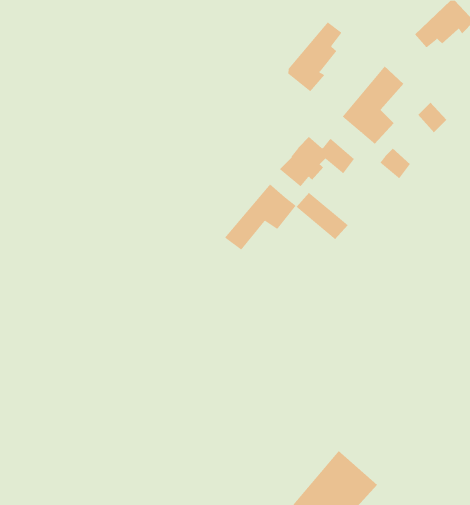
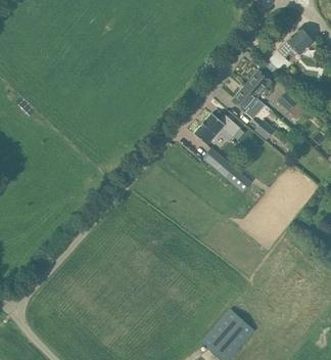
building: [288,21,341,92] -> none
building: [224,183,297,251] -> none

